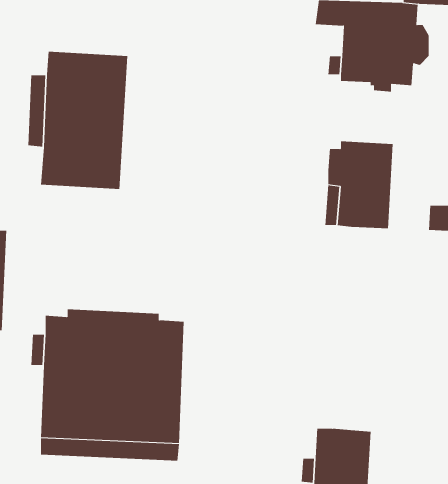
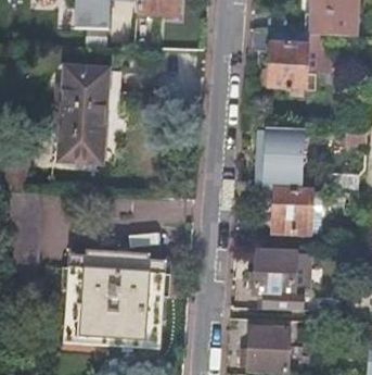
building: none -> [262,189,332,235]
building: none -> [254,251,313,293]

